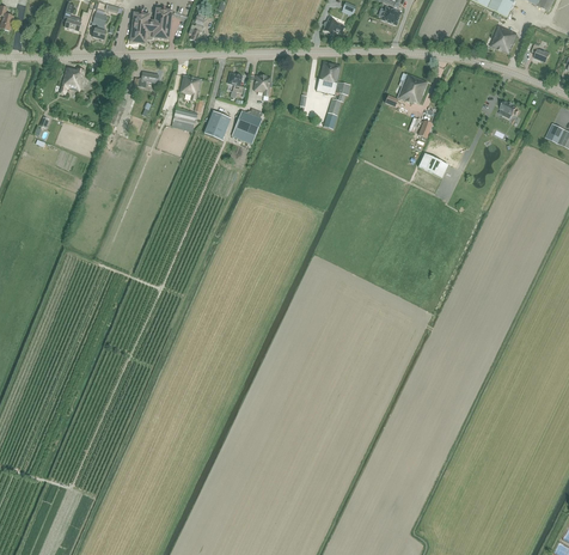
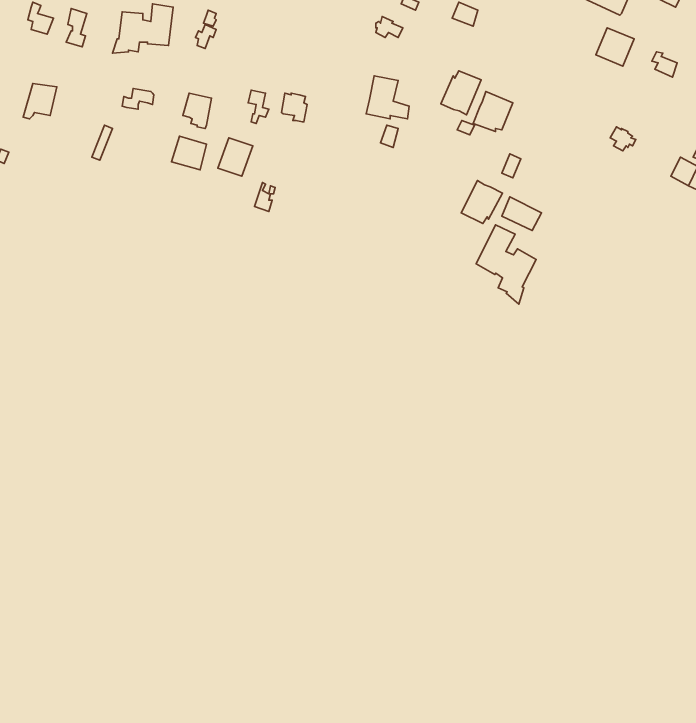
building: none -> [441,71,481,115]
building: [232,110,262,144] -> none
building: none -> [461,180,503,224]
building: none -> [476,225,536,304]

